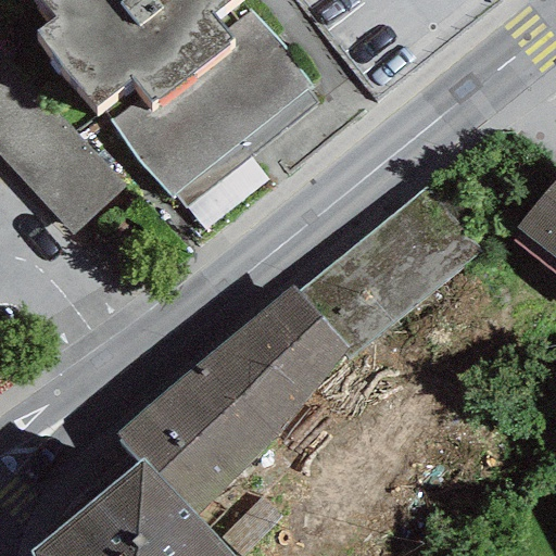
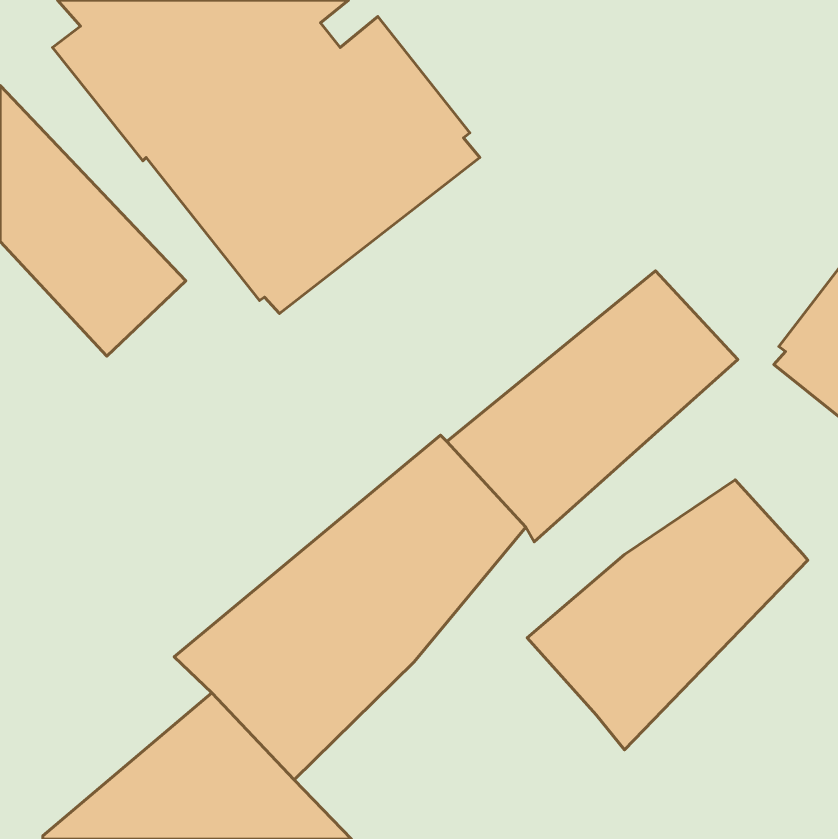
building: none -> [527,480,808,750]

